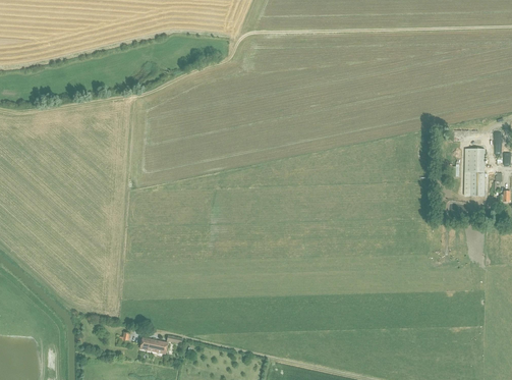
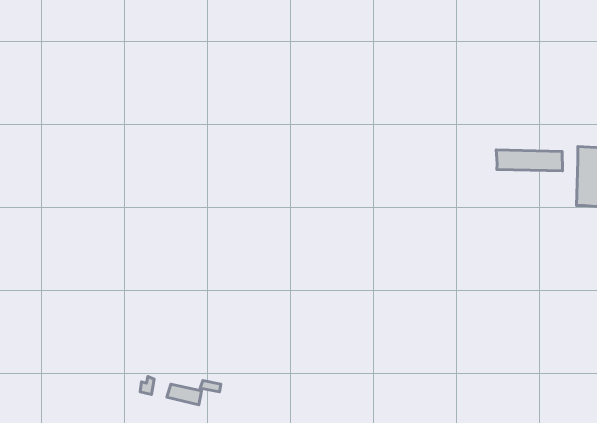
building: none -> [496,150,563,171]

